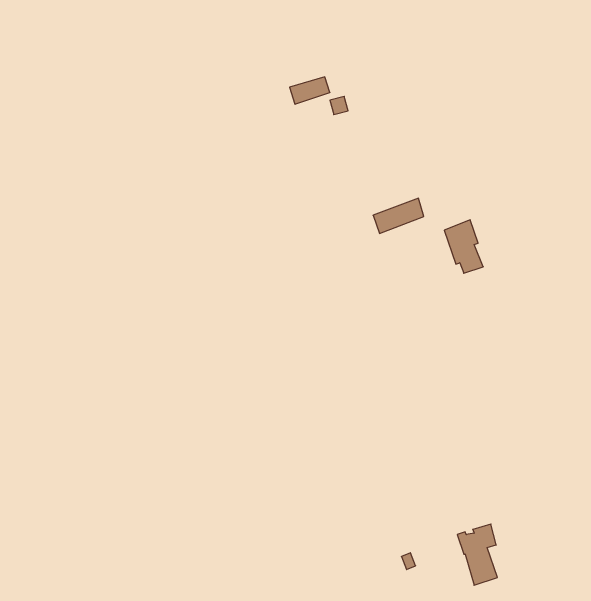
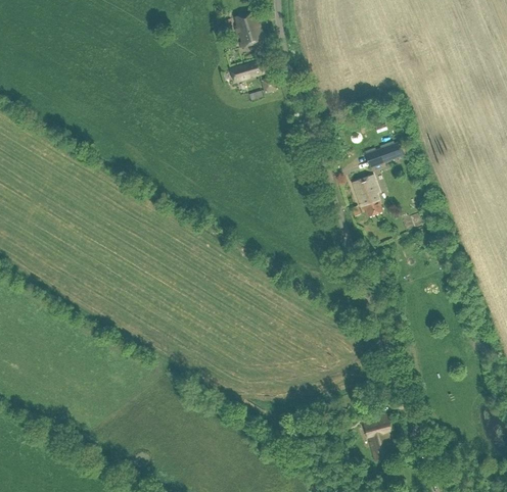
building: none -> [233,11,266,50]
building: [373,198,424,233] -> [363,140,403,167]

